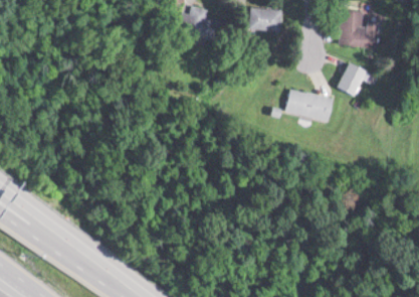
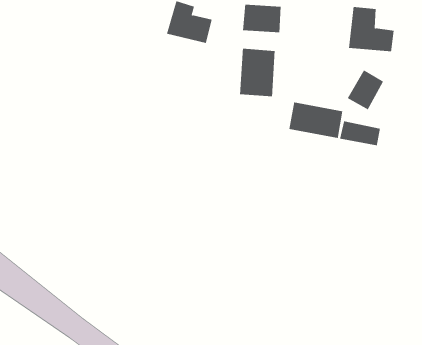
building: none -> [240,48,275,97]
building: none -> [340,120,380,146]

